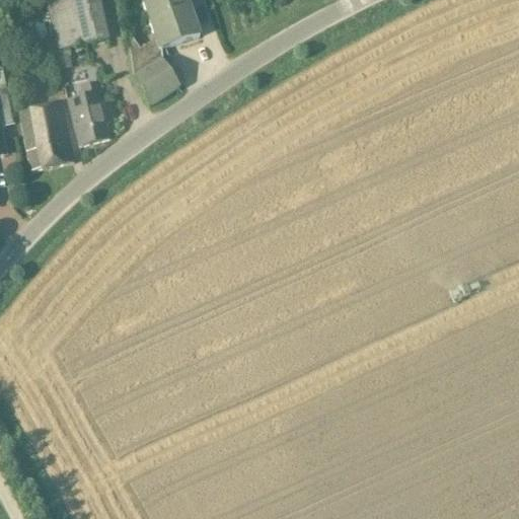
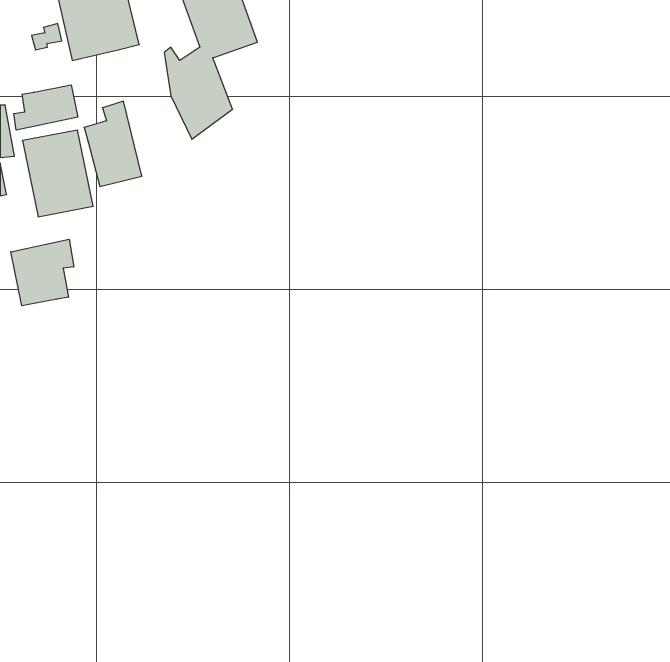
building: none -> [14,85,78,130]
building: none -> [11,239,74,306]

